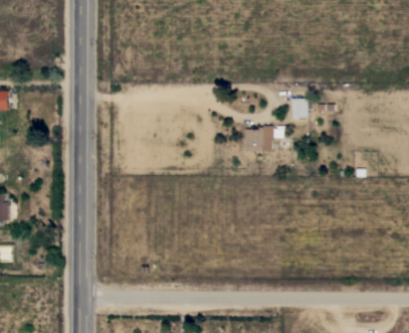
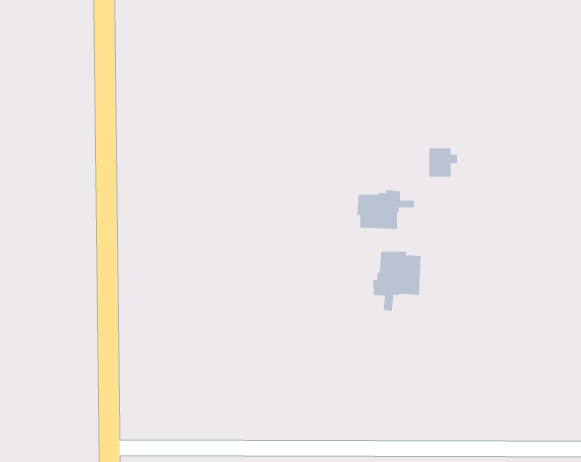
building: none -> [373,251,421,311]

